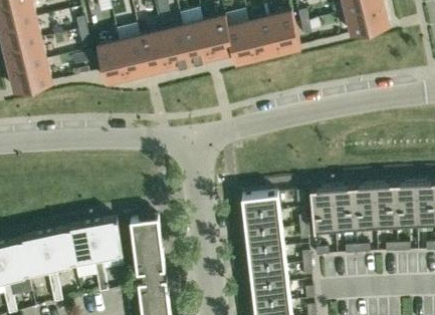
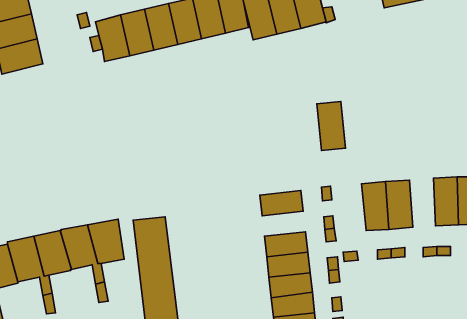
building: [373,182,396,225] -> none
building: [309,187,335,230] -> [317,101,345,151]
building: [243,211,281,233] -> none

